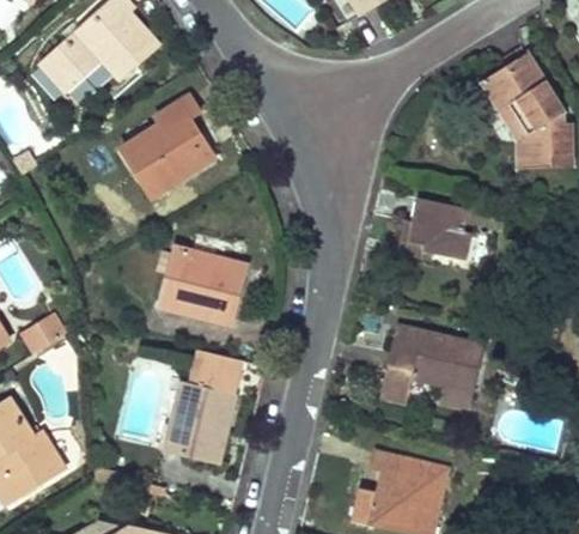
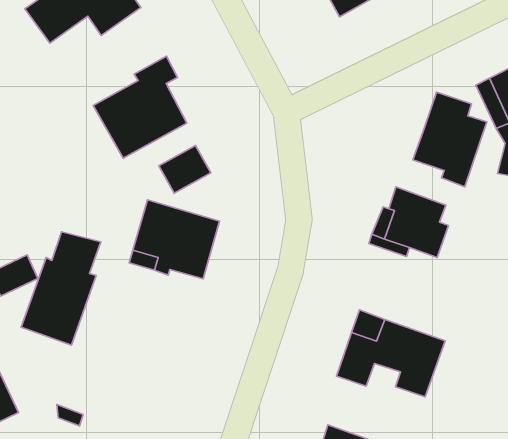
building: none -> [413,92,487,187]
building: none -> [159,146,211,193]
building: [169,341,240,455] -> [21,232,101,345]

